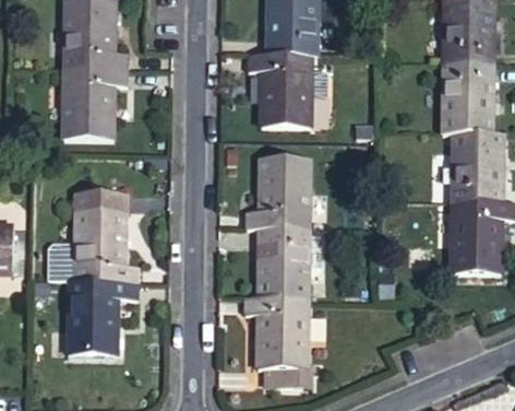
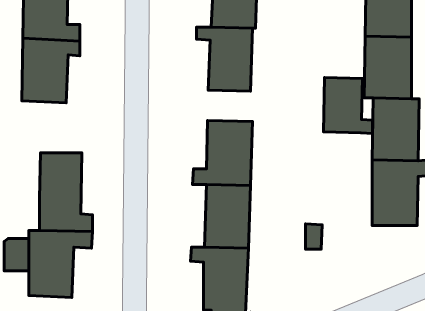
building: none -> [324,78,373,133]
building: [52,247,80,283] -> [4,239,29,271]

